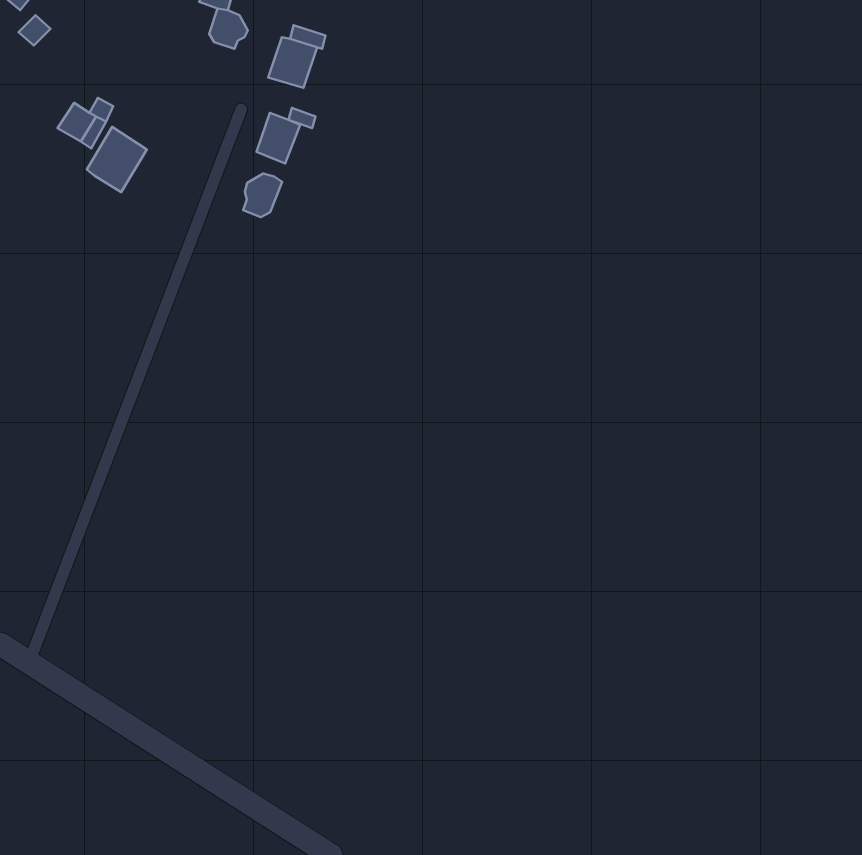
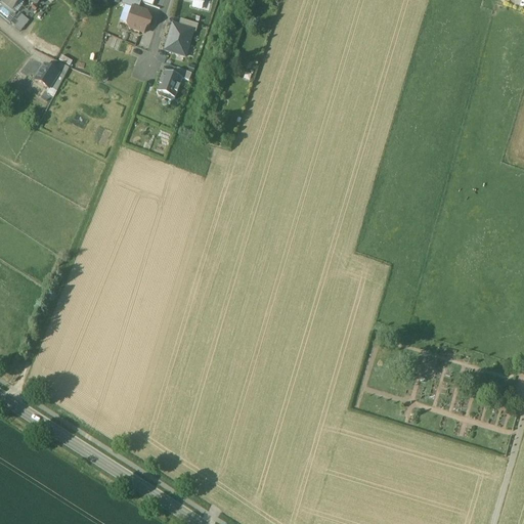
building: [87,127,147,192] -> none
building: [243,174,282,217] -> none

